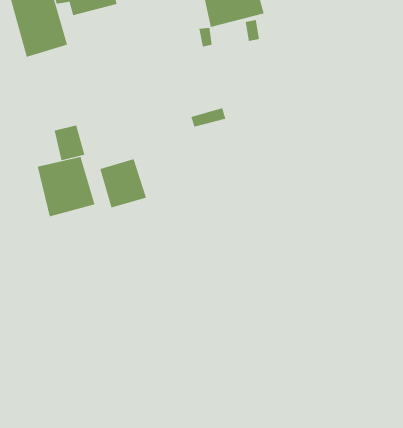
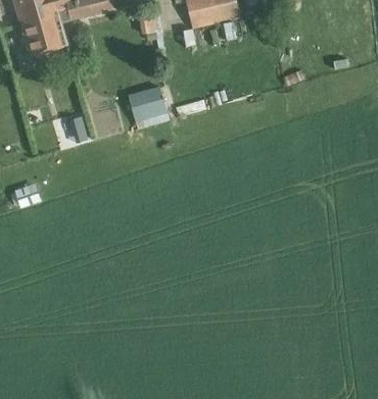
building: [37,156,95,217] -> none
building: [99,158,147,208] -> [128,85,170,129]

